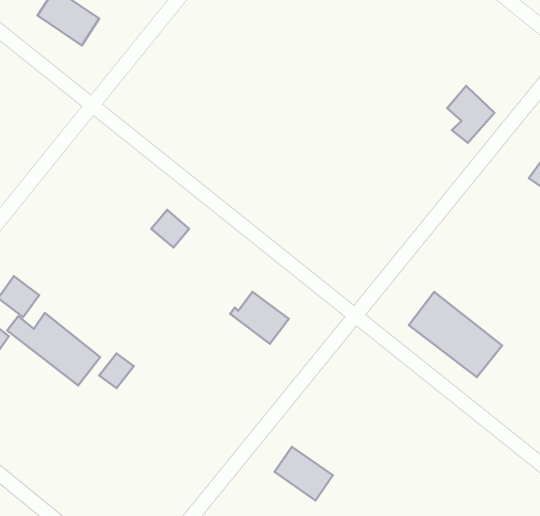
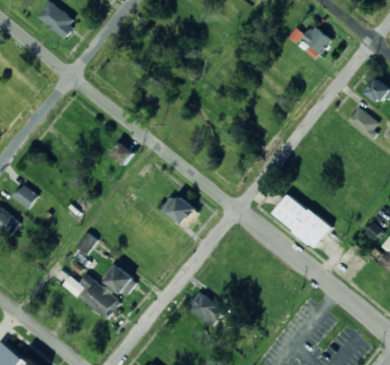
building: [447,86,495,143] -> [301,23,331,59]
building: [7,313,100,386] -> [62,273,121,319]
building: none -> [100,262,137,297]

